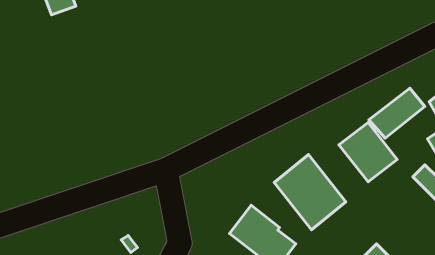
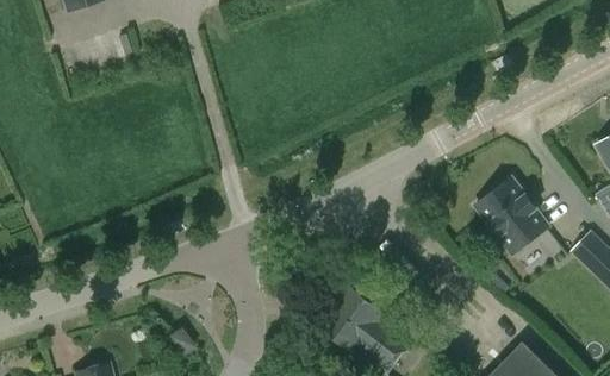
building: [369,88,425,138] -> none
building: [274,154,346,230] -> none

